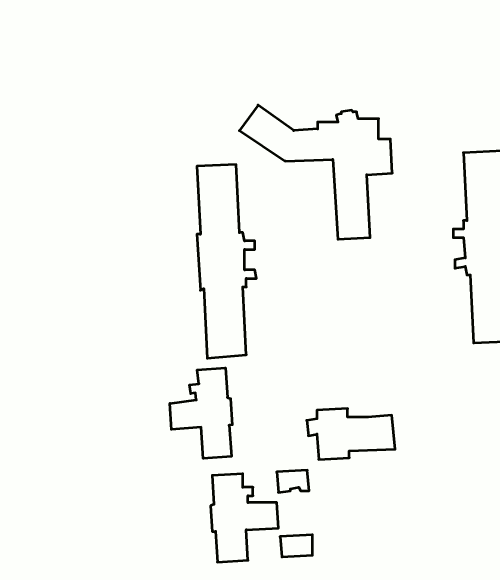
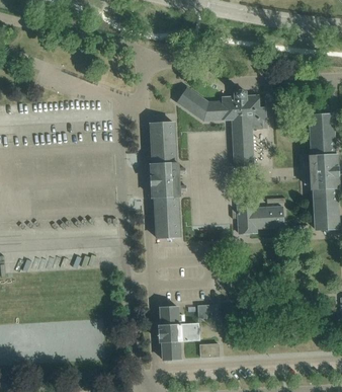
building: [170,368,232,458] -> none
building: [307,409,395,459] -> [232,202,284,232]

